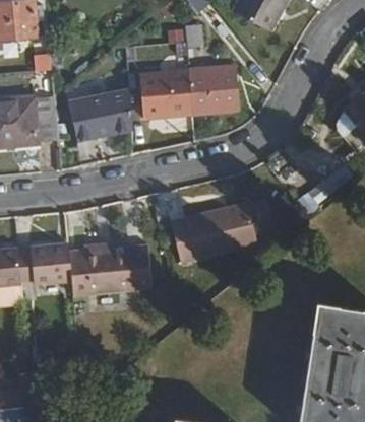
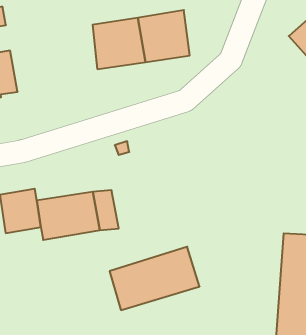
building: [73,93,129,139] -> none
building: [172,201,262,260] -> [110,247,200,310]

